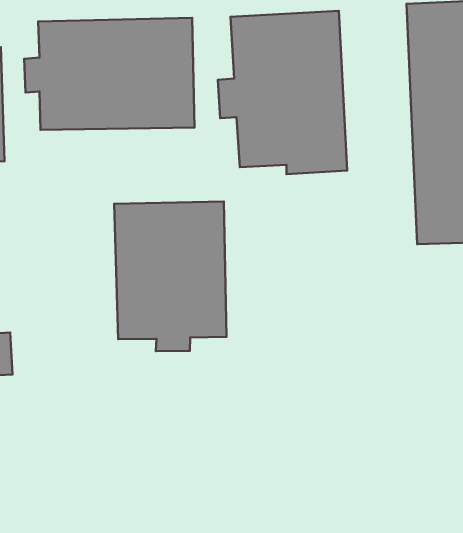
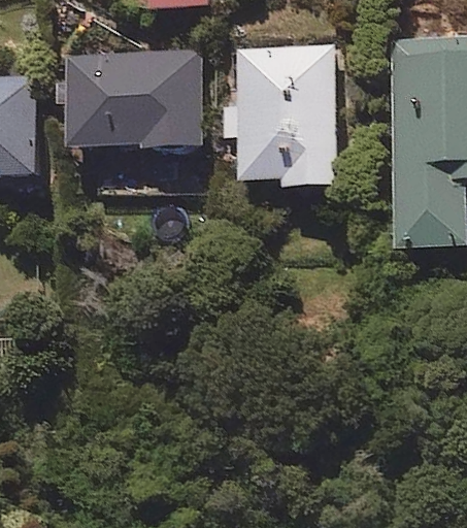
building: [114,201,226,351] -> none

